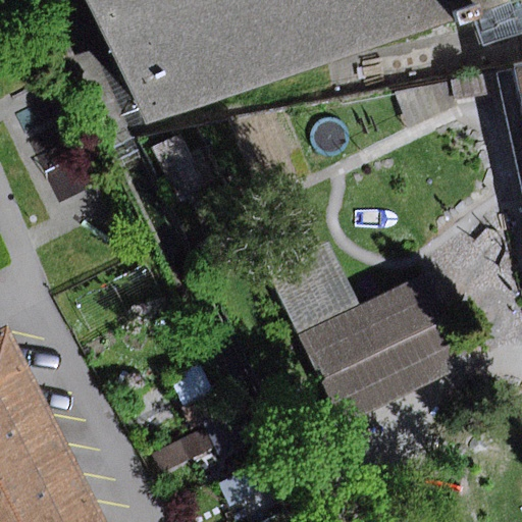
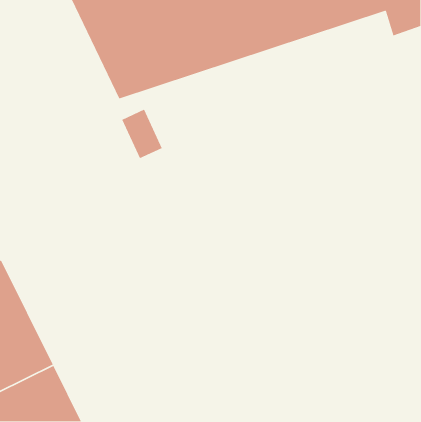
building: [263,241,471,425] -> none

